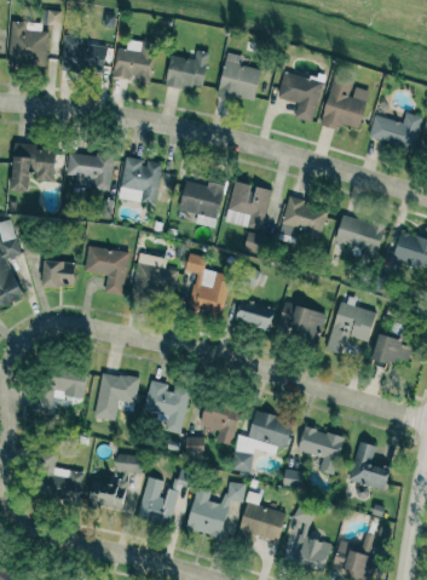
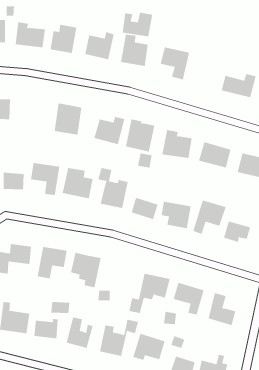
building: none -> [122,12,153,37]
building: [321,77,370,131] -> none
building: [68,151,114,191] -> none
building: [201,400,242,446] -> none

